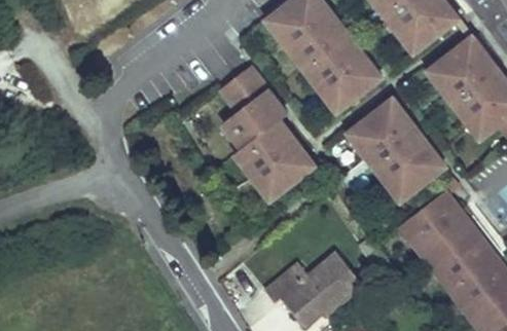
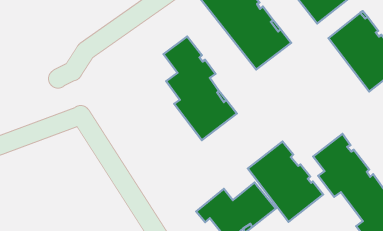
building: [349,99,444,200] -> [248,142,323,222]

